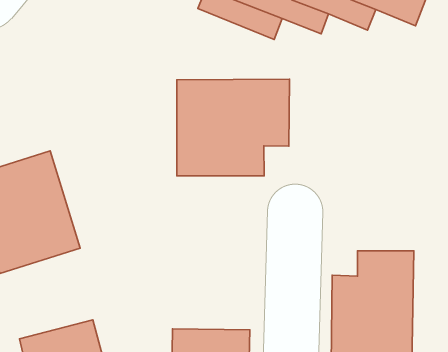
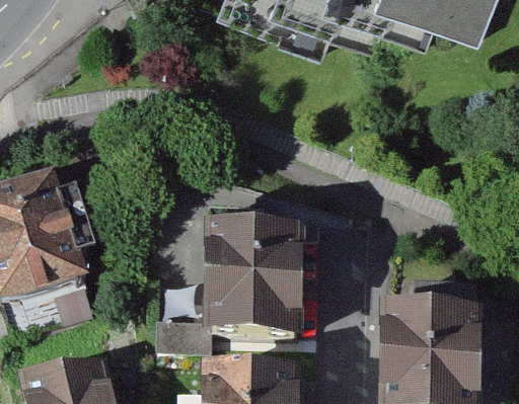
building: [177,79,289,176] -> none
building: none -> [158,214,298,345]

